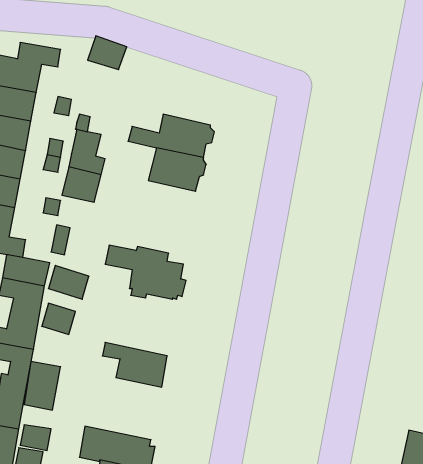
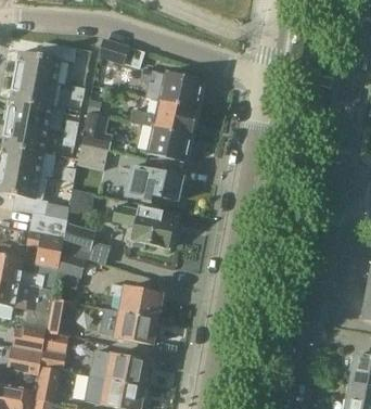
building: none -> [140,68,203,108]
building: none -> [126,166,188,202]
building: none -> [102,311,157,344]

